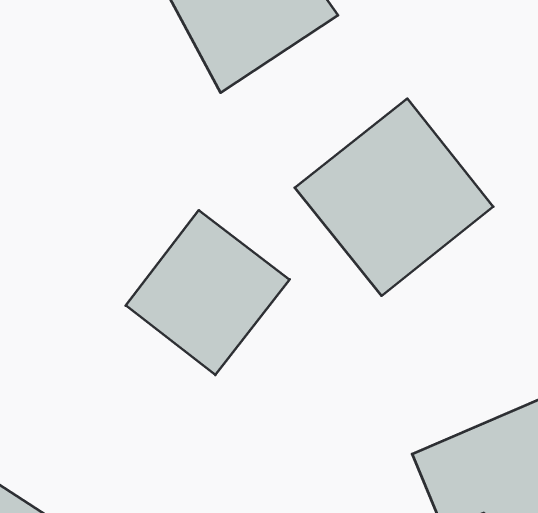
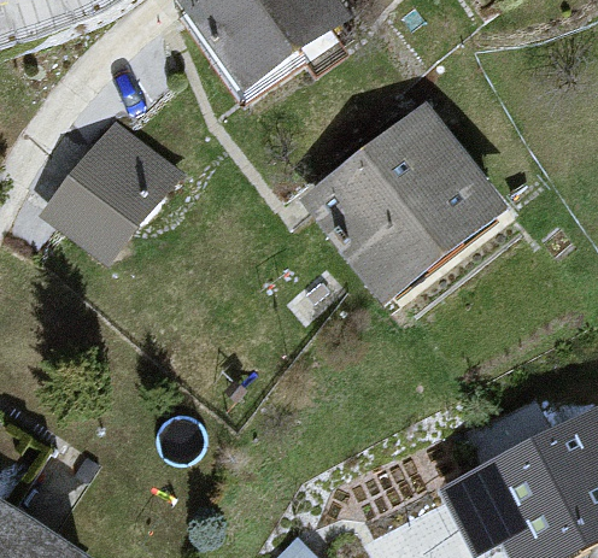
building: none -> [37,118,178,262]
building: [126,210,290,375] -> none

